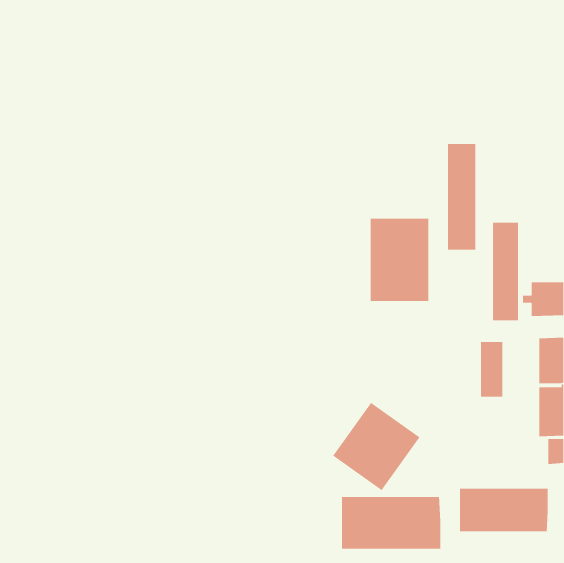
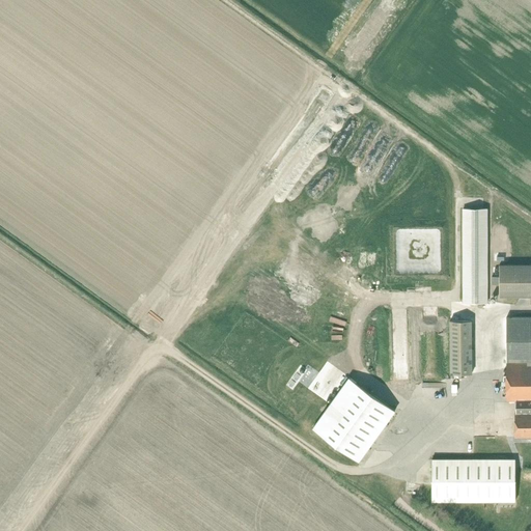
building: [447,143,476,251] -> none
building: [370,218,429,302] -> none
building: [341,496,441,550] -> none

